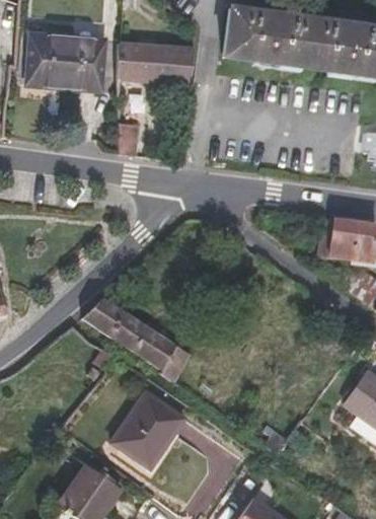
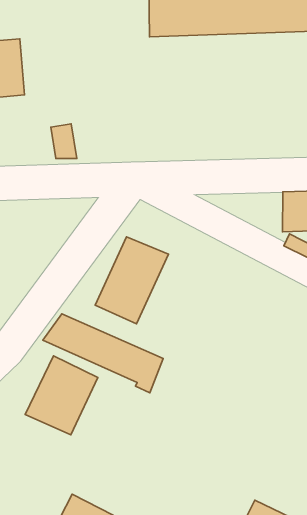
building: [120,42,194,85] -> none
building: none -> [95,237,168,324]
building: [110,391,182,466] -> [25,356,98,435]

